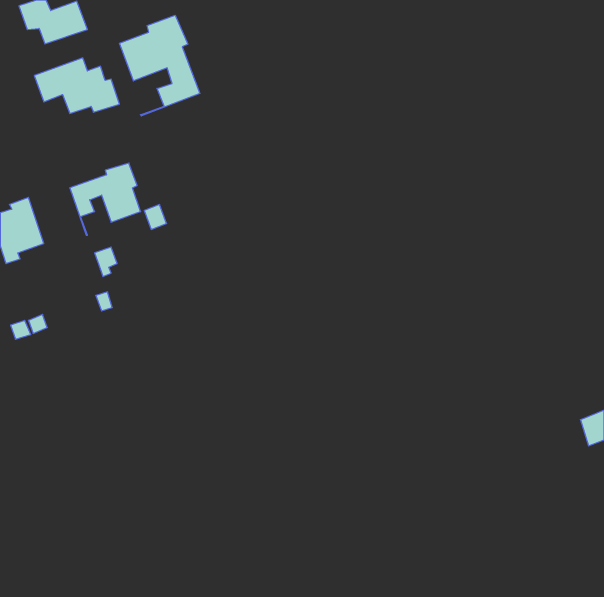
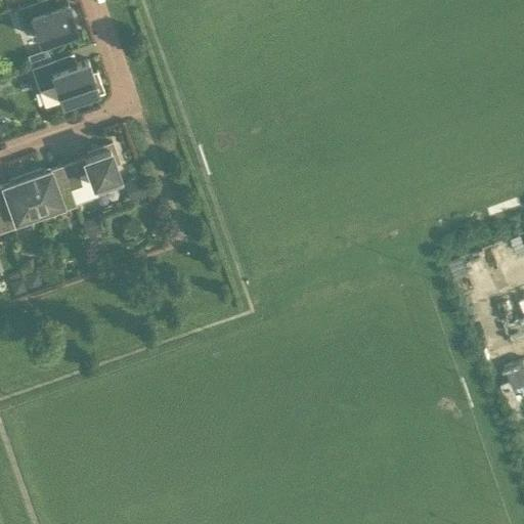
building: [119,15,200,116] -> none
building: none -> [25,169,75,217]

